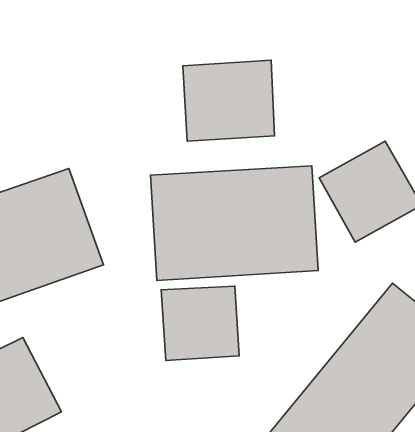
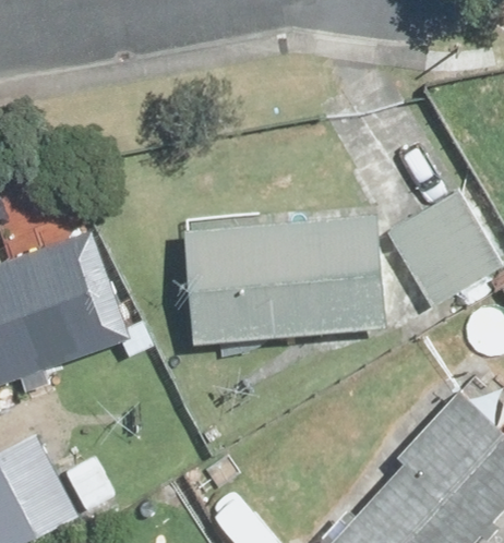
building: [183,60,275,141] -> none
building: [161,286,239,360] -> none

